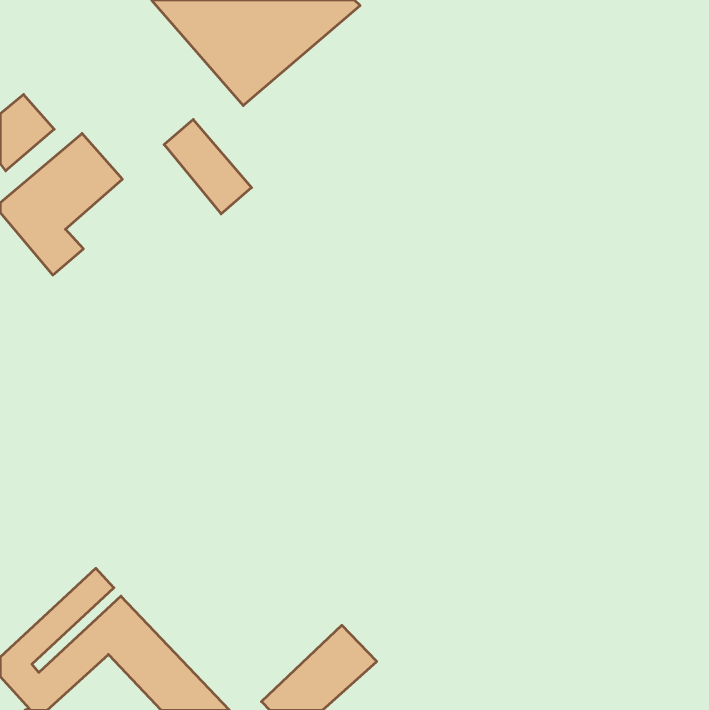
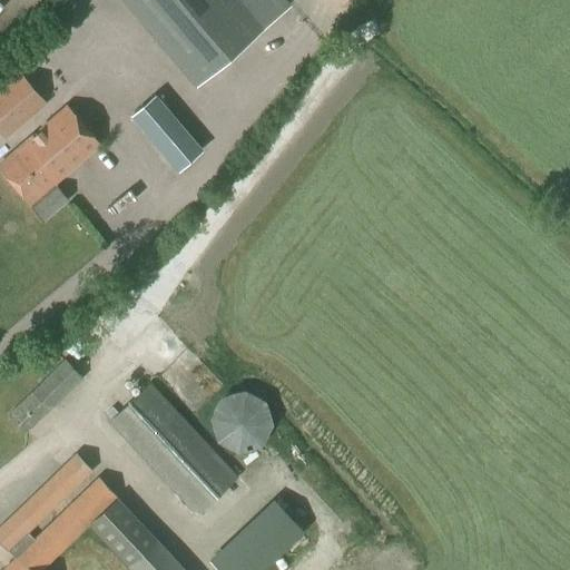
building: none -> [9,352,81,433]
building: none -> [109,383,237,514]
building: none -> [209,390,273,453]

